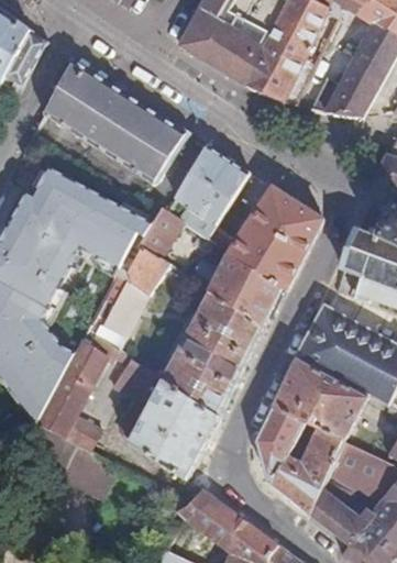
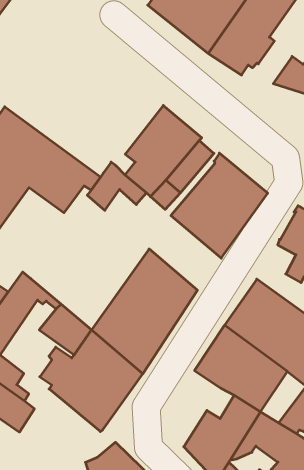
building: [44,58,191,184] -> none
building: [102,243,170,336] -> none
building: [196,252,282,324] -> none
building: [257,406,301,484] -> none

